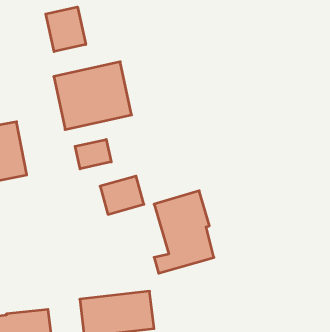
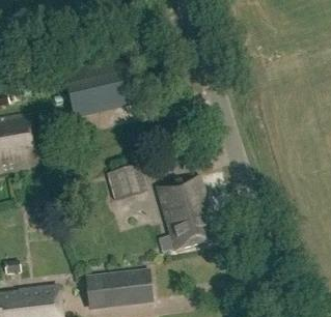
building: [46,7,86,52] -> none
building: [75,139,111,169] -> none

